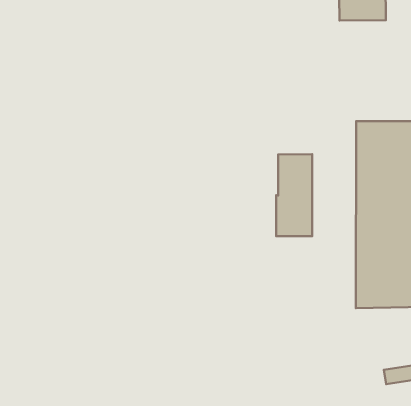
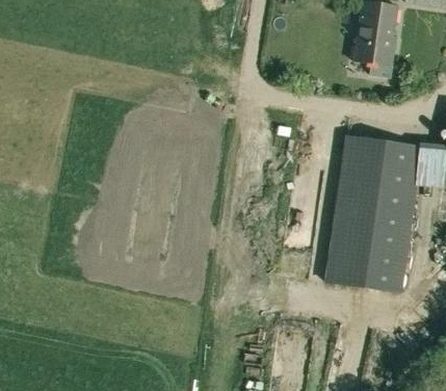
building: [276,154,312,236] -> none

